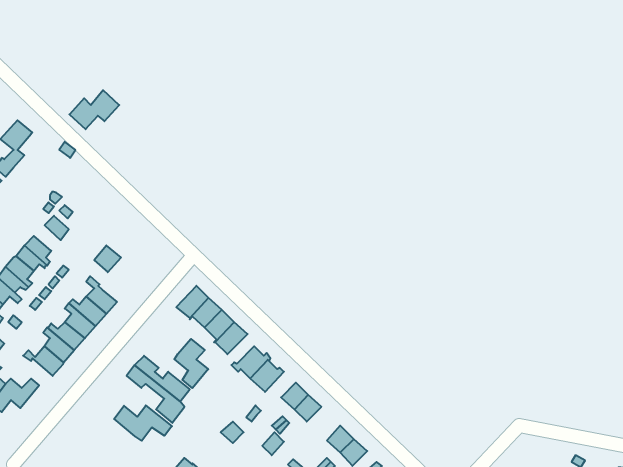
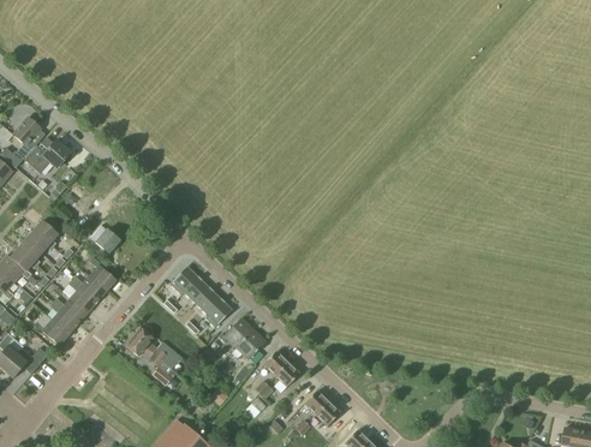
building: [69,90,119,129] -> [25,139,70,174]
building: [174,339,208,388] -> none
building: [114,405,172,441] -> none

